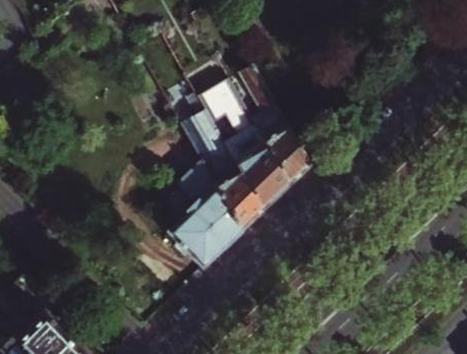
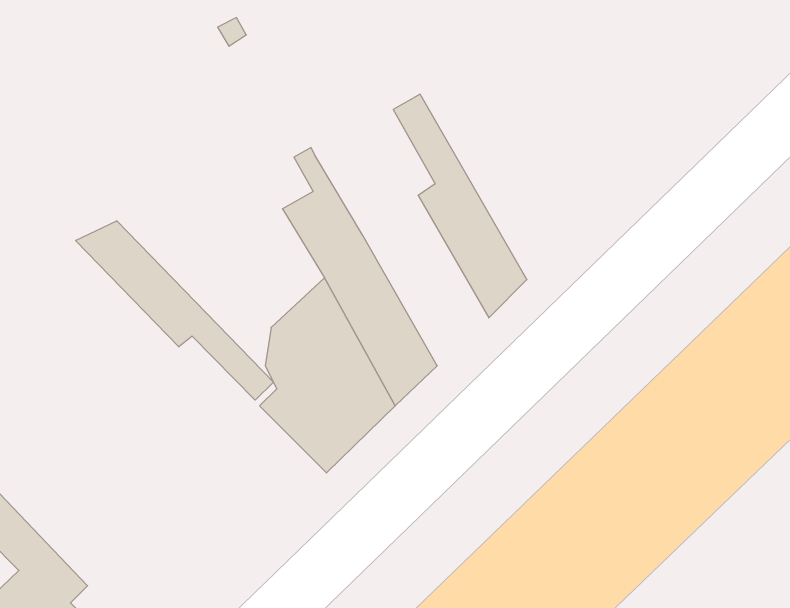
building: [198,65,291,209] -> none
building: none -> [76,221,274,400]

